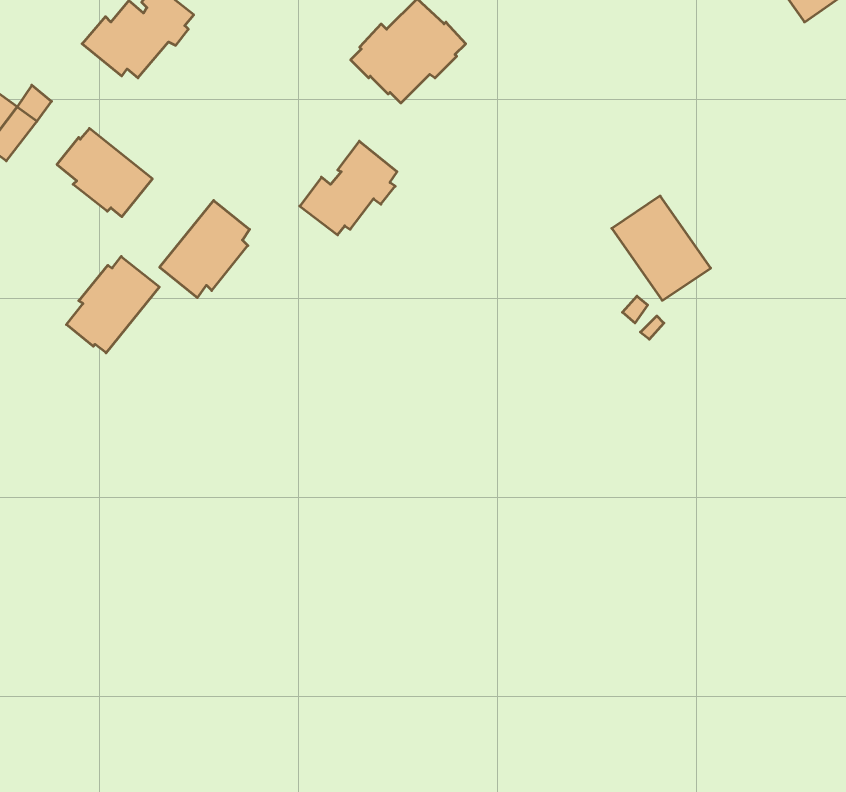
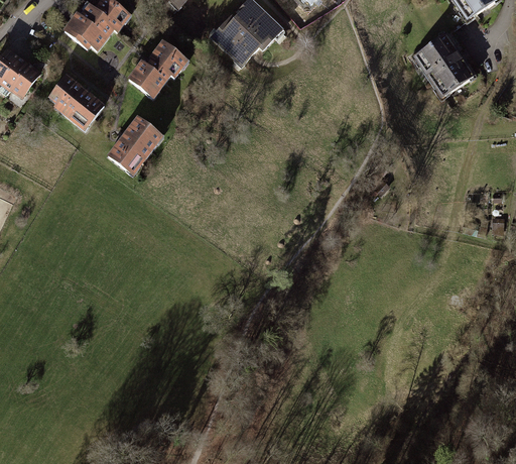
building: [300,141,397,235] -> [129,40,183,93]
building: [612,196,711,300] -> [415,36,471,95]
building: [66,256,159,353] -> none

